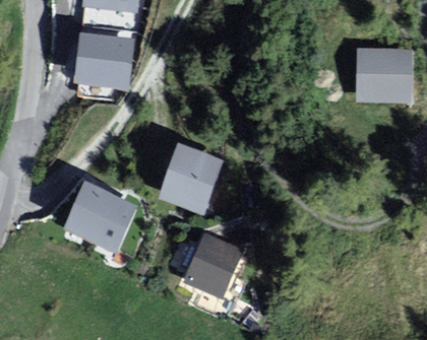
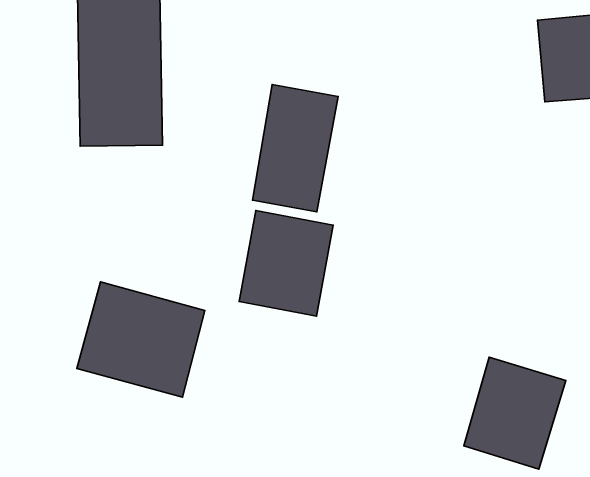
building: none -> [252,85,338,212]
building: [180,230,246,301] -> [464,357,566,469]

